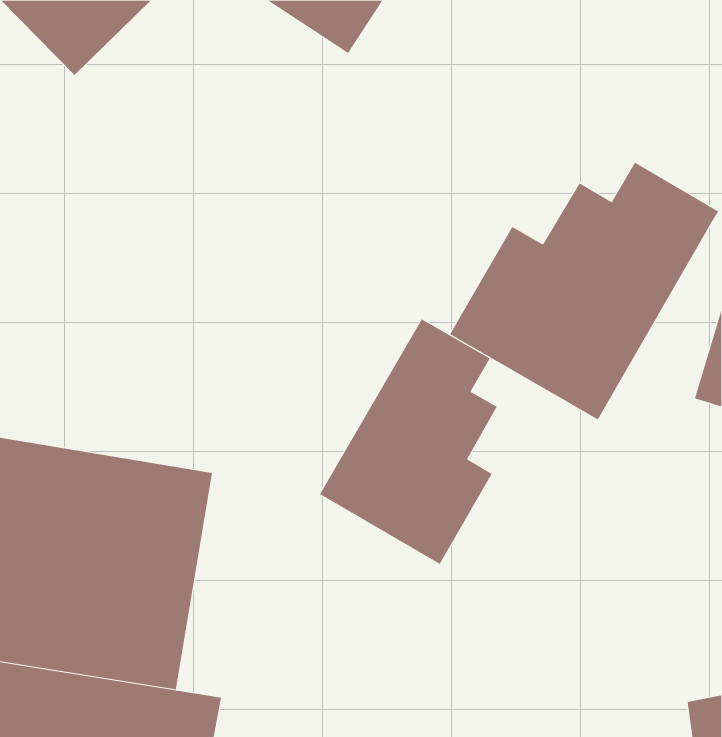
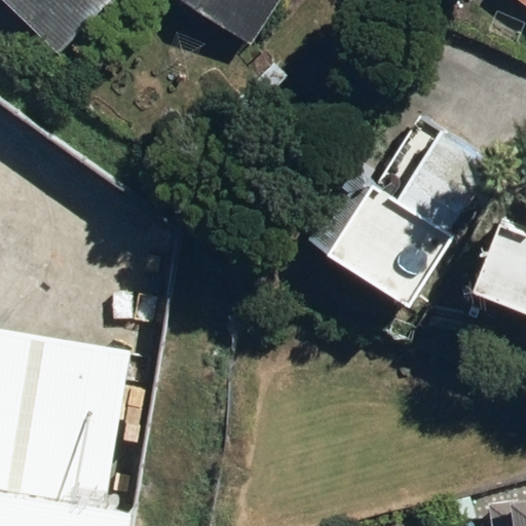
building: [319,318,498,565] -> none

